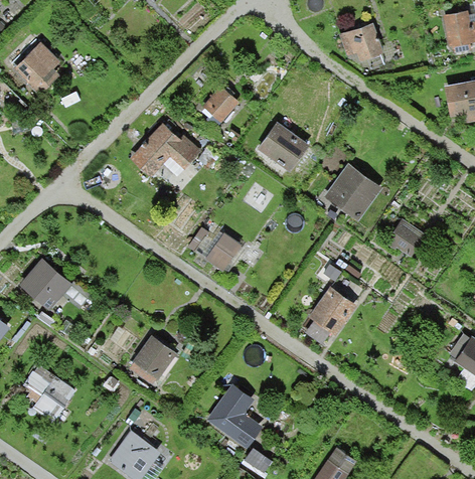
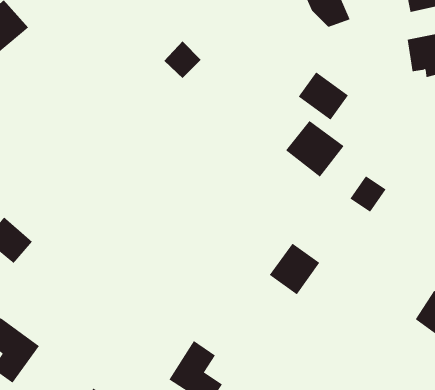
building: [131,123,204,177] -> none
building: [259,123,310,172] -> [298,71,349,121]
building: [205,231,244,272] -> none
building: [127,334,175,383] -> none

